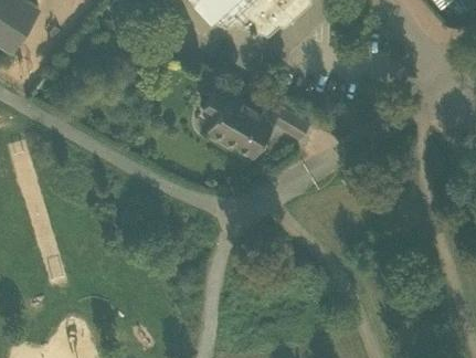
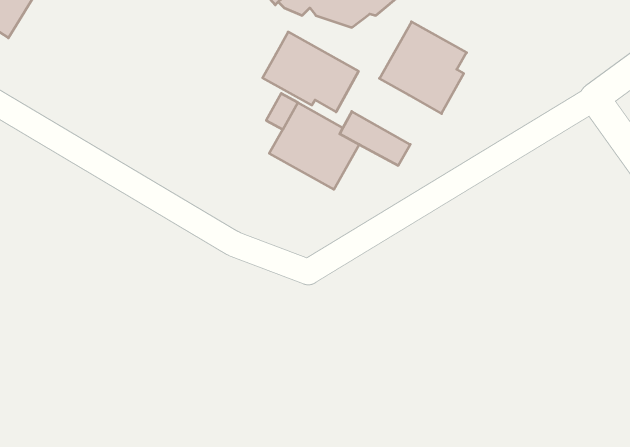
building: none -> [379,22,467,114]
building: none -> [263,32,358,112]

